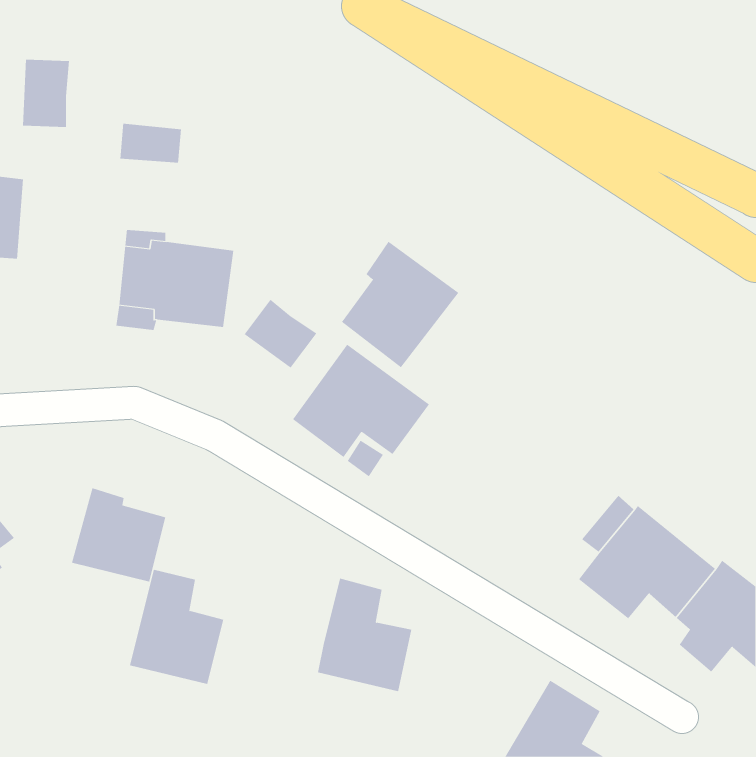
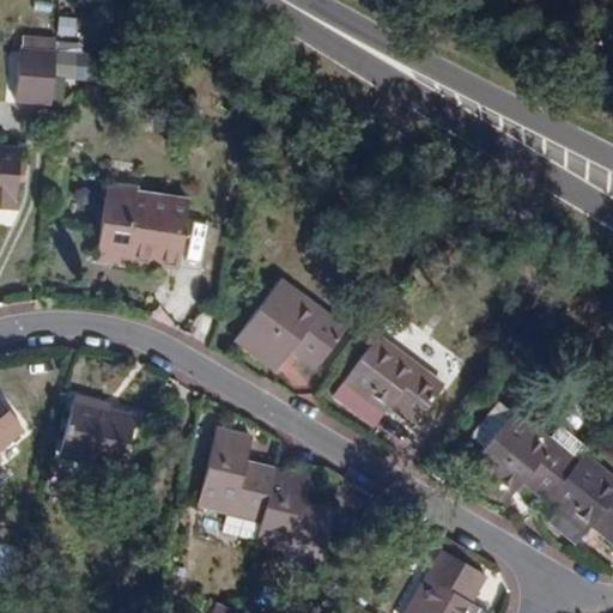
building: [119,123,182,163] -> [54,49,104,81]
building: [341,241,459,368] -> none
building: [244,299,317,368] -> none
building: none -> [333,335,444,426]
building: [129,569,224,685] -> [198,426,274,520]

